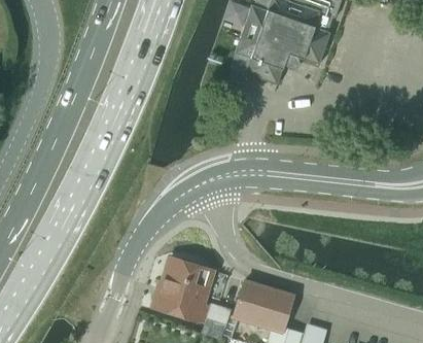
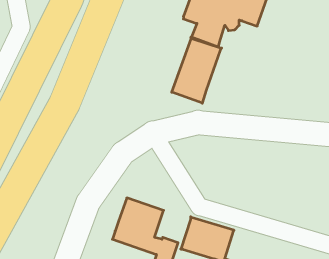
building: none -> [172,37,222,103]

